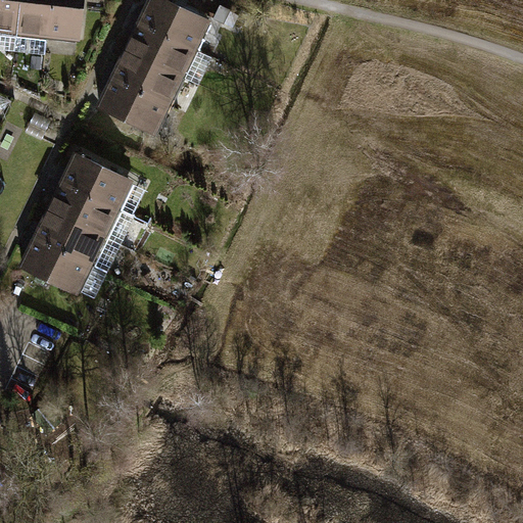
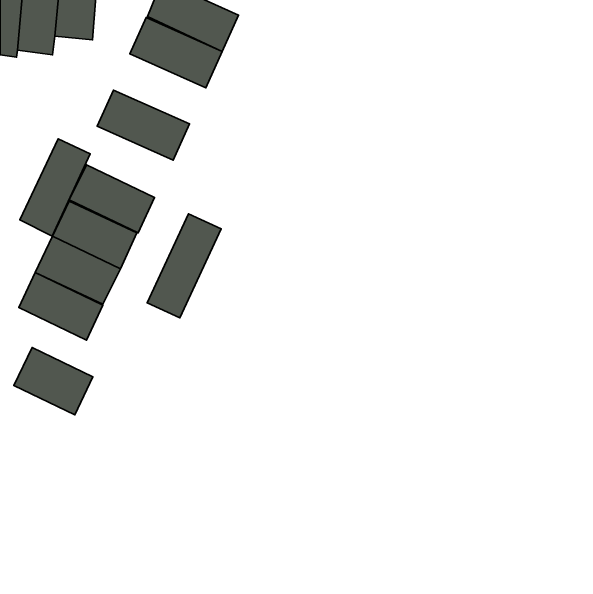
building: [103,47,184,108] -> none
building: none -> [20,139,90,236]
building: none -> [147,214,221,318]
building: none -> [14,348,93,415]

